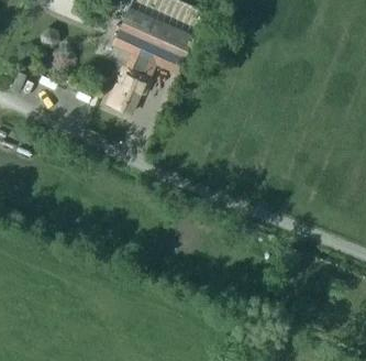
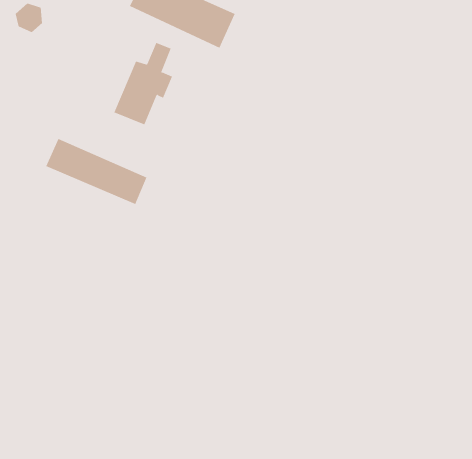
building: none -> [46,138,147,205]

